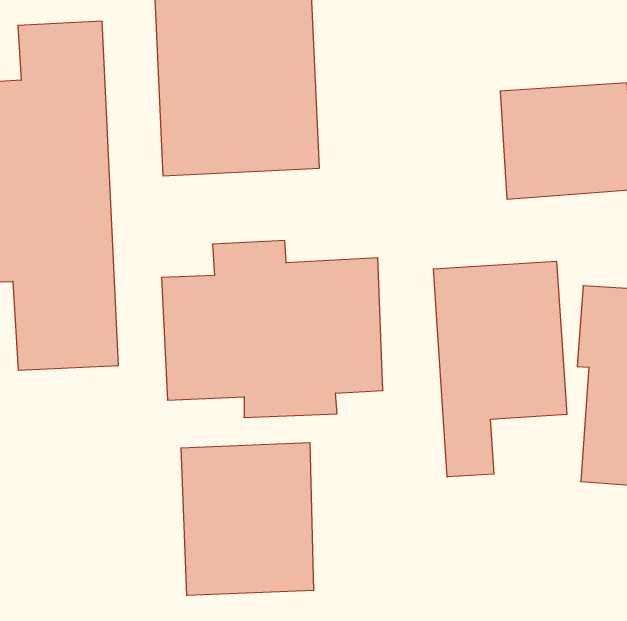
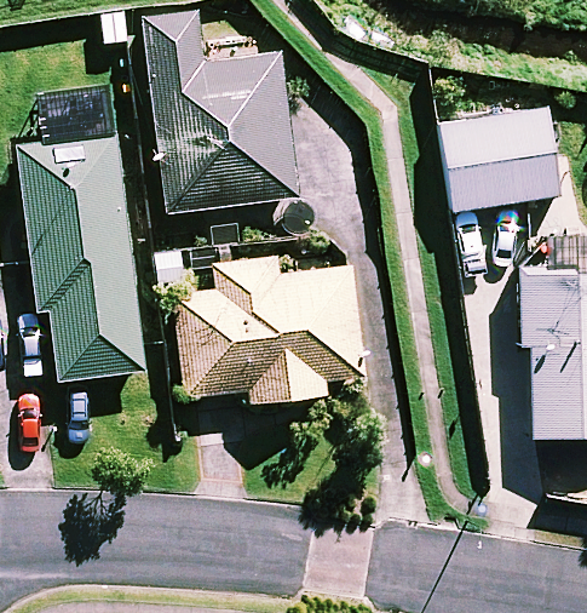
building: [433,261,567,477] -> none
building: [181,443,314,596] -> none

